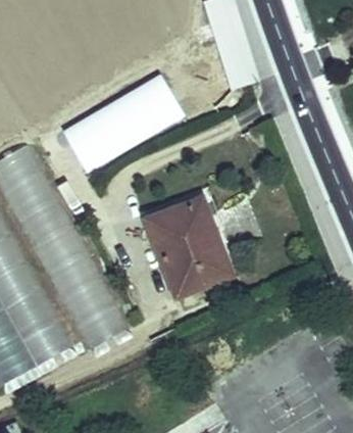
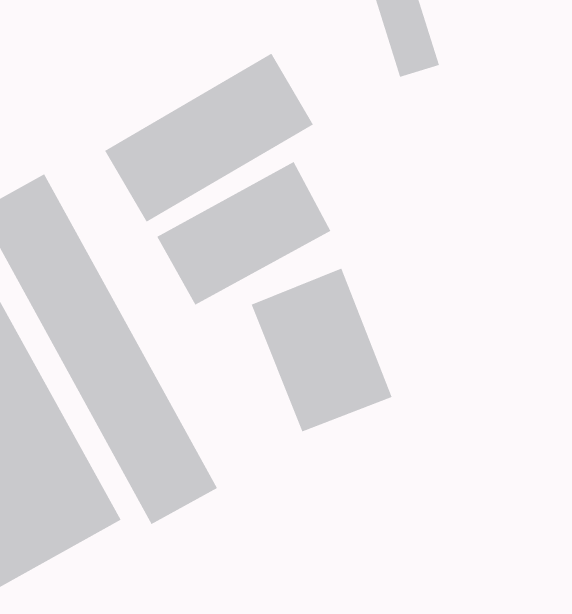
building: none -> [157,161,331,305]

